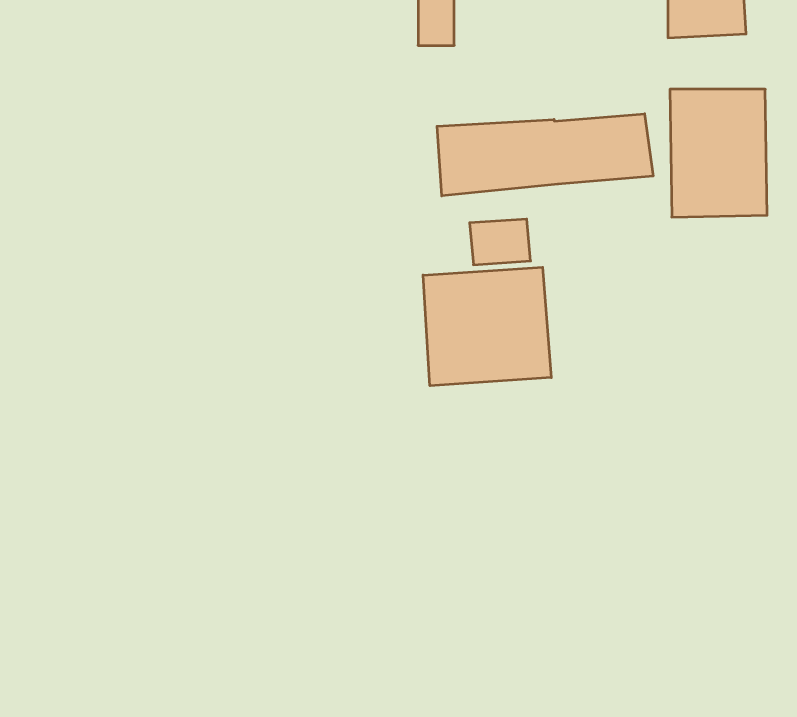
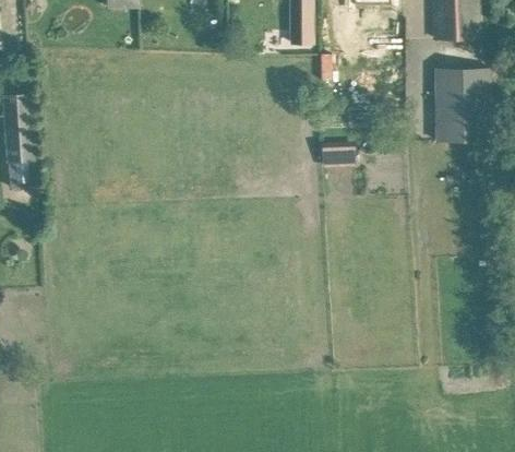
building: [437,114,653,196] -> none
building: [423,267,551,386] -> none

